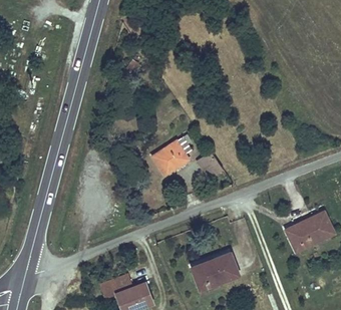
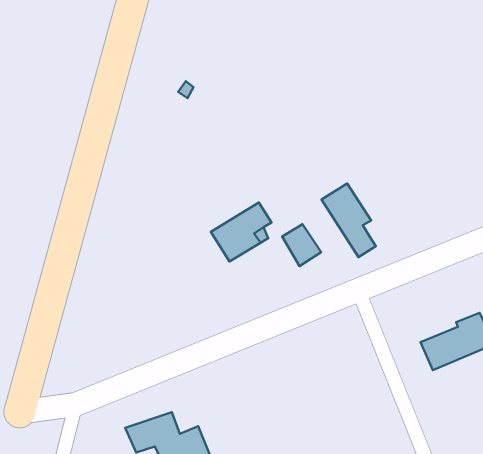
building: none -> [321,183,376,257]
building: [192,252,236,288] -> none

